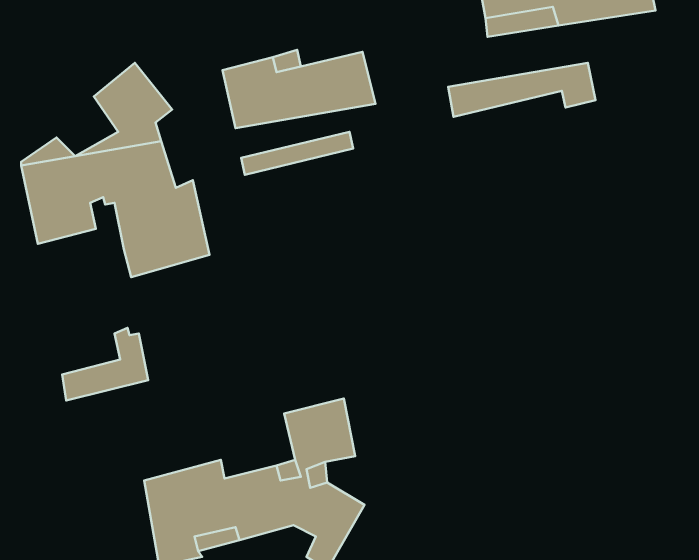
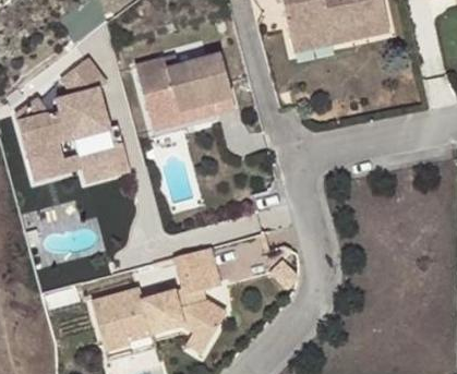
building: [448,63,595,117] -> [145,84,231,116]
building: [62,328,148,401] -> [29,138,80,181]

